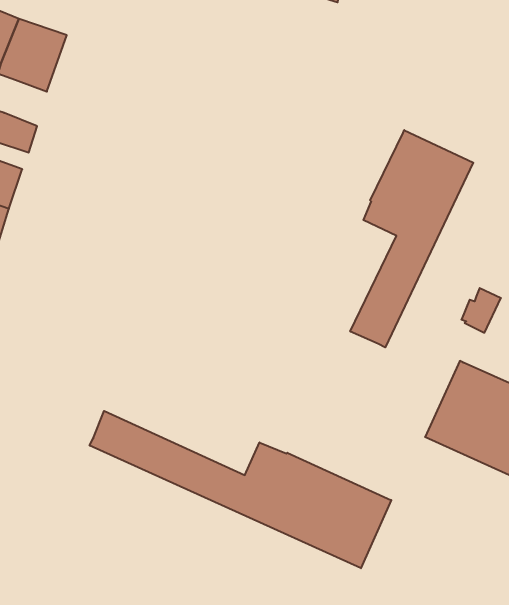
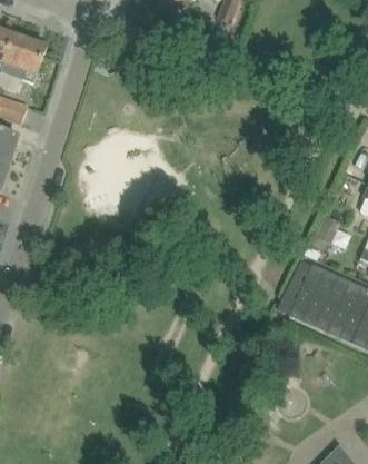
building: [350,130,473,347] -> none
building: [90,411,391,568] -> none

